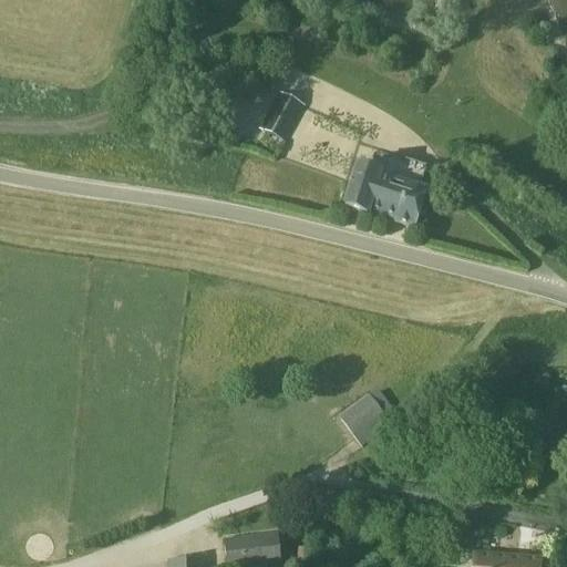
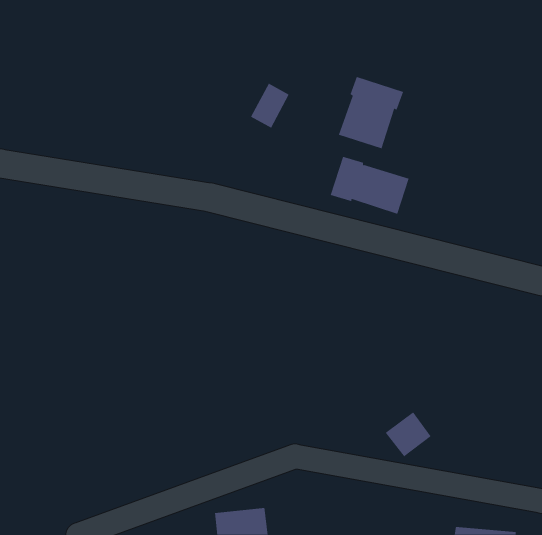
building: none -> [338,76,404,149]
building: [343,394,392,442] -> [385,412,431,457]

